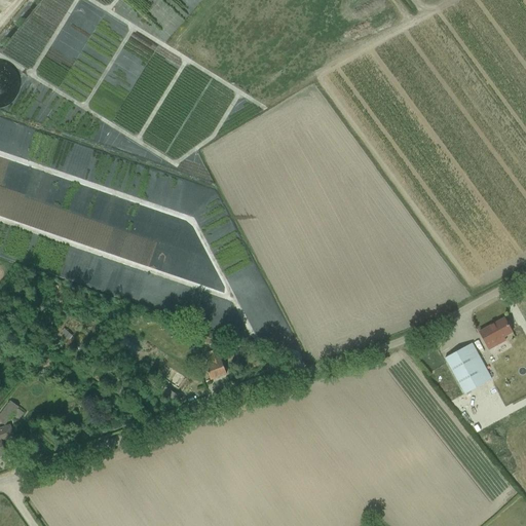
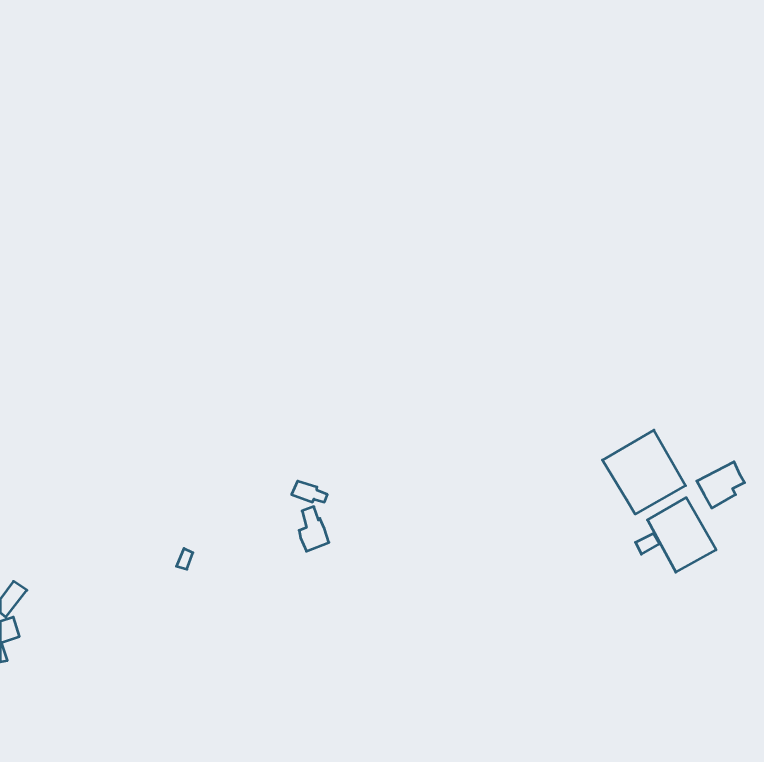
building: none -> [602,430,686,514]

